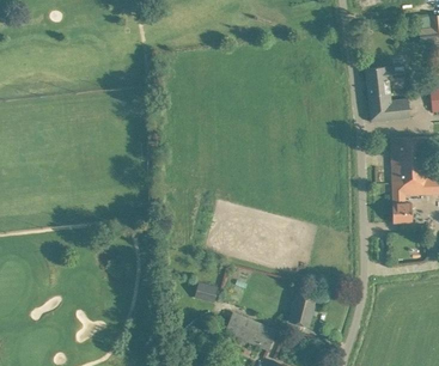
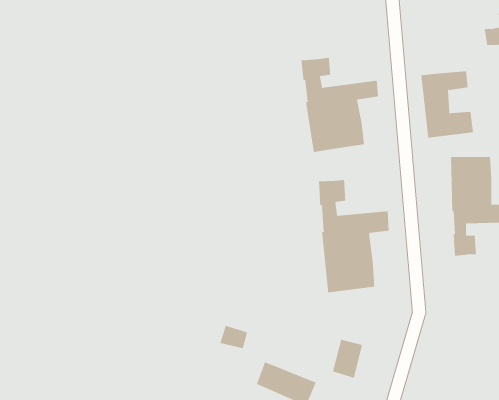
building: none -> [301,57,379,153]
building: none -> [318,179,389,293]

